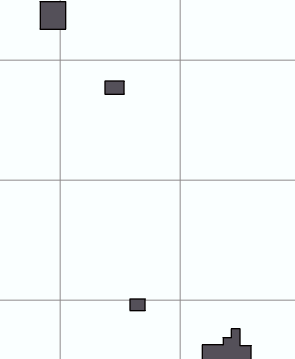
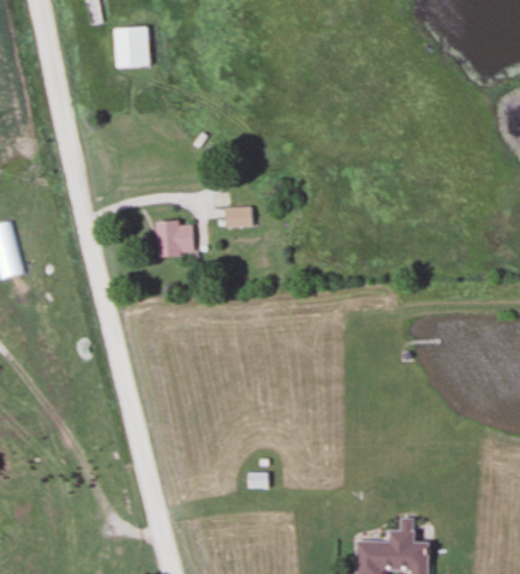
building: [105,81,124,94] -> [225,208,253,227]
building: none -> [156,222,195,256]

